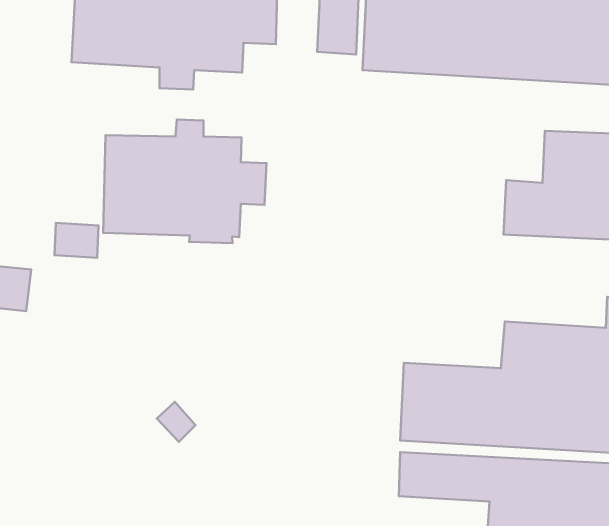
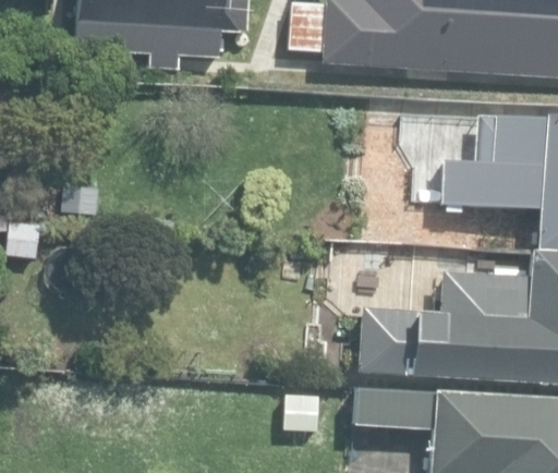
building: [103,119,266,243] -> none

